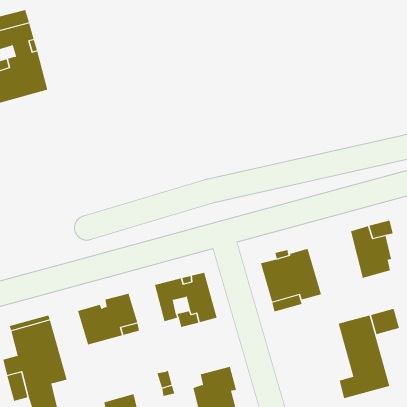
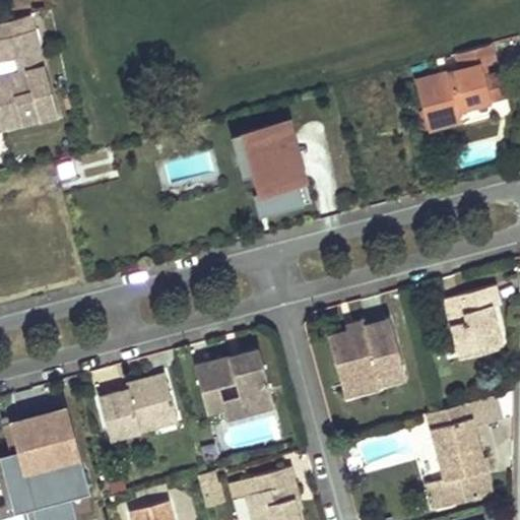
building: none -> [412,45,505,133]
building: none -> [230,121,310,217]

